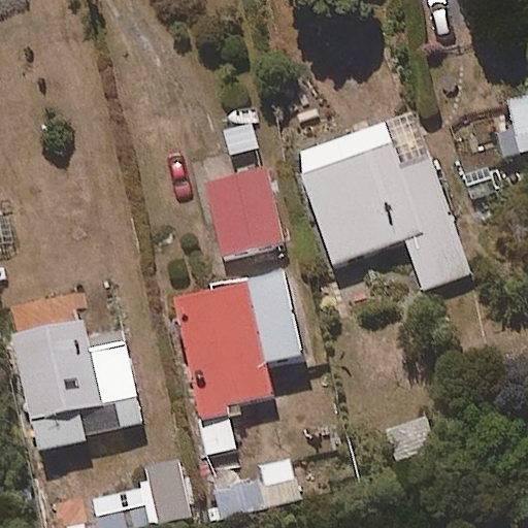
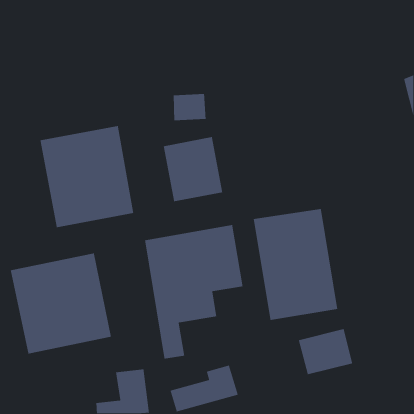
building: [295,114,467,287] -> none
building: none -> [40,125,134,228]
building: none -> [253,208,338,321]

